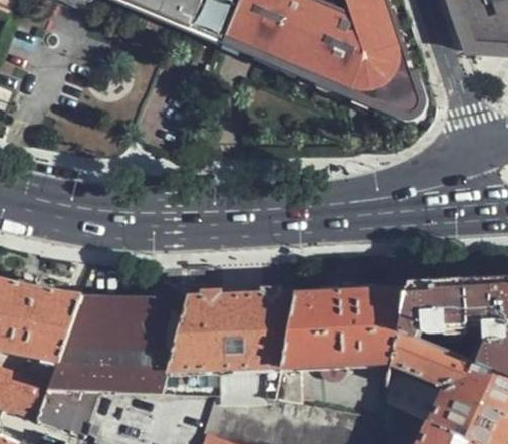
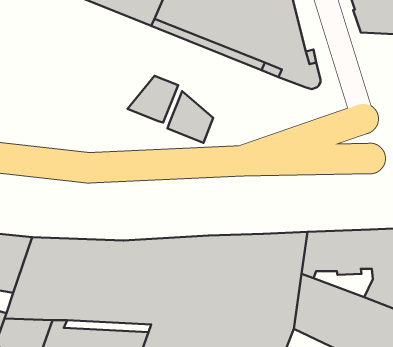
building: none -> [127,76,178,123]
building: none -> [168,91,213,143]

